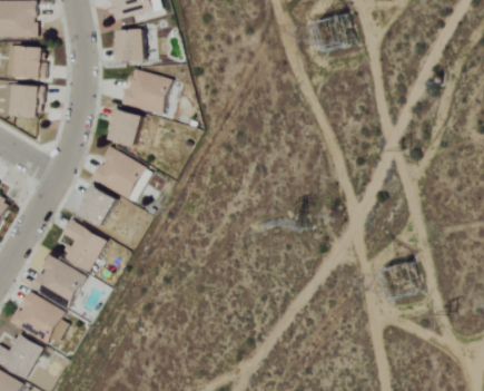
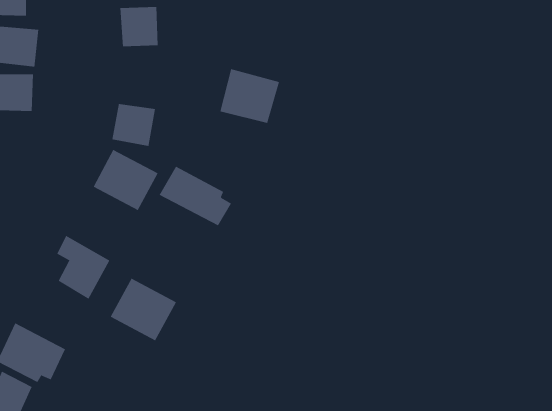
building: [122,69,172,115] -> [220,68,280,124]
building: none -> [159,166,232,226]
building: [80,185,118,227] -> none
building: [30,256,86,309] -> [110,278,177,341]

